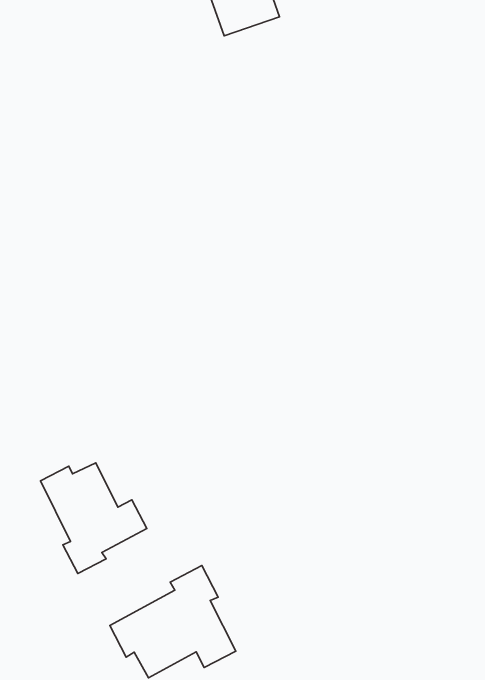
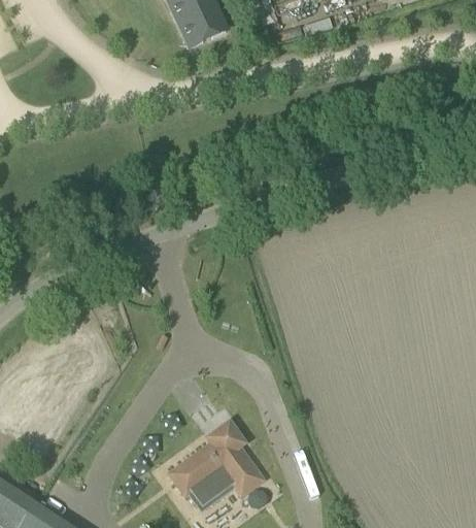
building: [41,463,147,574] -> none

